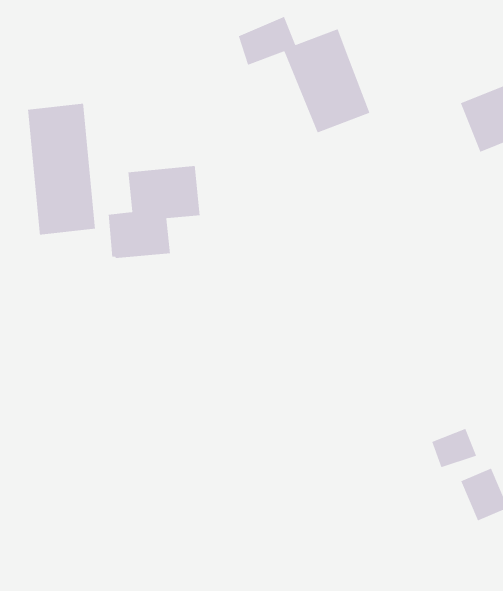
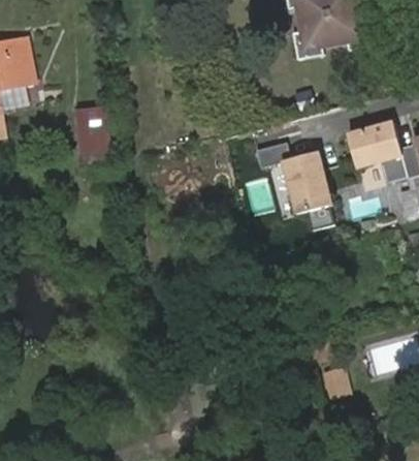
building: [238,16,370,134] -> [256,144,334,220]
building: [108,165,200,259] -> none

